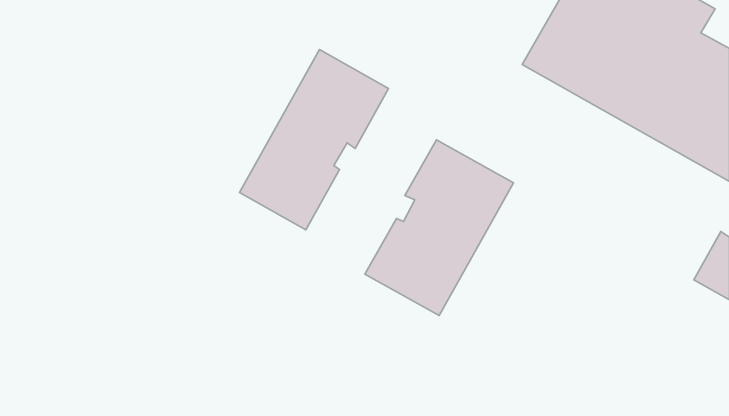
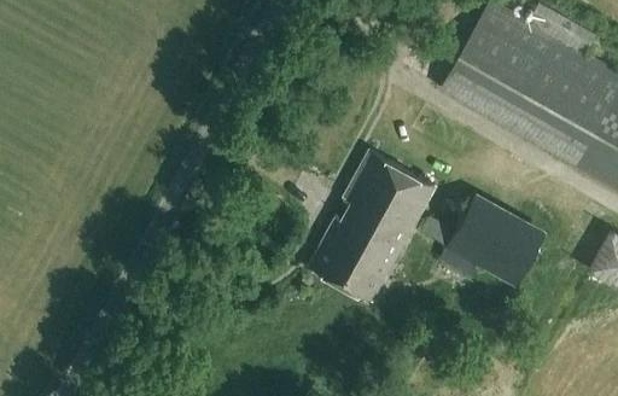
building: [239,50,388,230] -> none
building: none -> [445,199,546,291]

